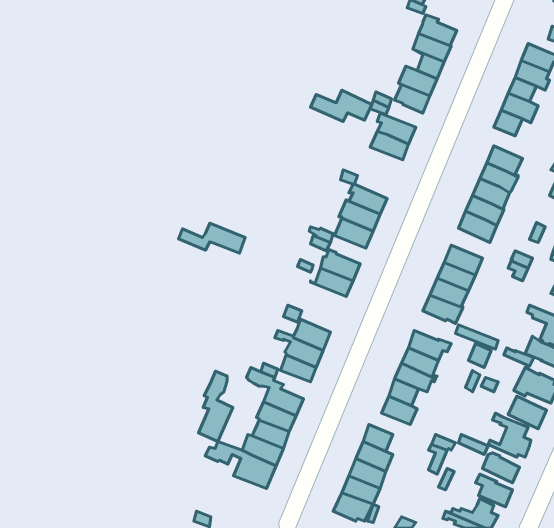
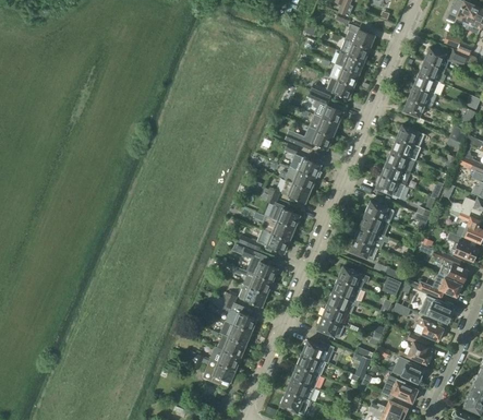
building: [311,90,372,121] -> [285,127,331,151]
building: [178,223,245,253] -> [238,230,289,253]
building: [199,371,233,442] -> none

